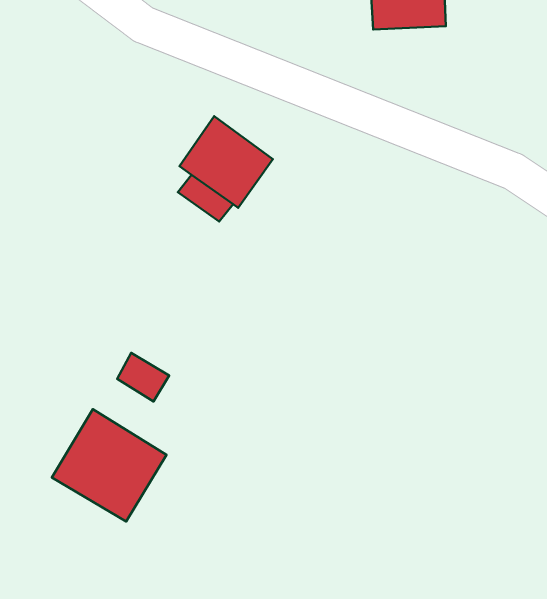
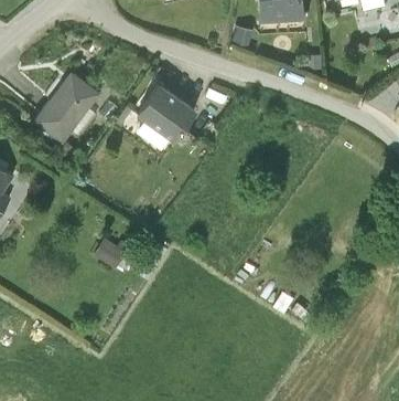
building: none -> [31,70,99,143]
building: [52,409,166,522] -> none

